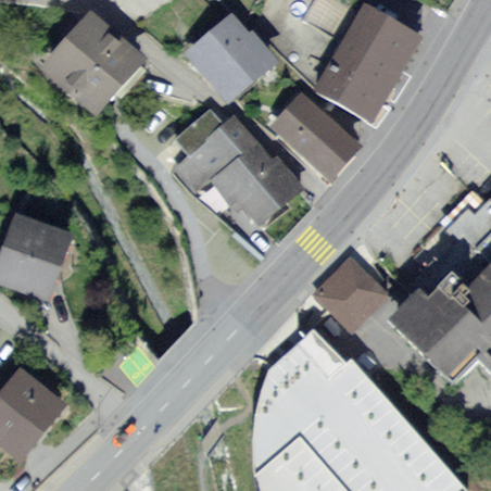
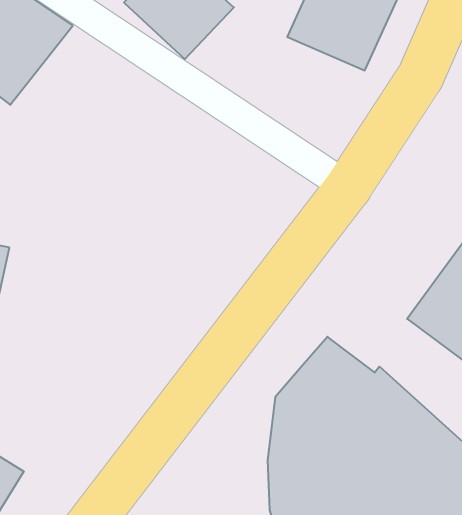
building: [268,91,361,181] -> none
building: [178,112,297,227] -> none
building: [314,256,390,331] -> none

